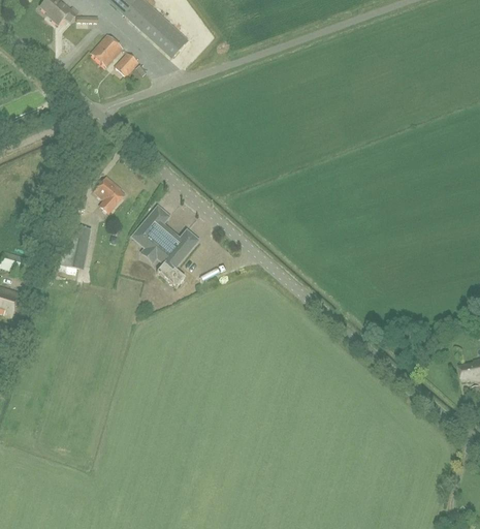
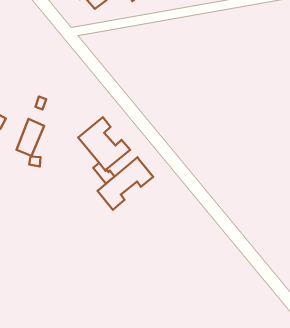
building: [95,176,125,209] -> none
building: none -> [97,157,153,210]

